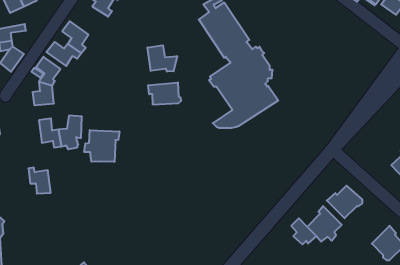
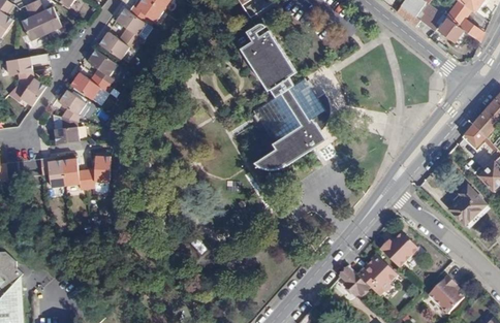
building: none -> [97,31,137,59]
building: [148,45,177,72] -> none
building: [148,82,181,105] -> none
building: [84,130,119,162] -> none
building: [28,168,51,194] -> [39,156,64,185]

